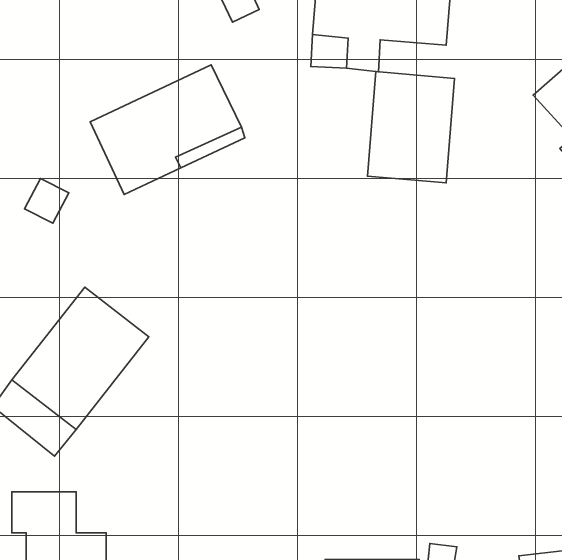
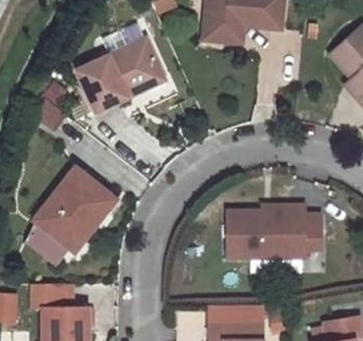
building: [367,72,454,183] -> none
building: none -> [229,203,322,254]

